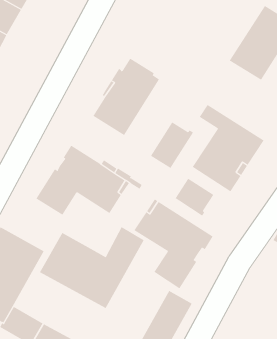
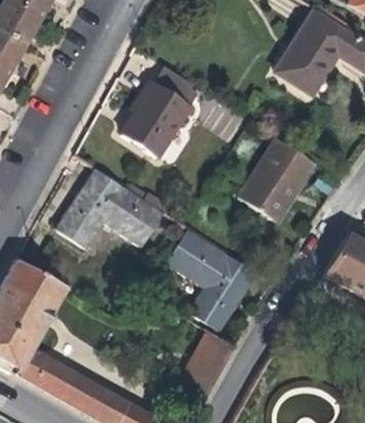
building: [150,121,194,169] -> none
building: [175,178,214,216] -> none
building: [39,226,145,309] -> none

